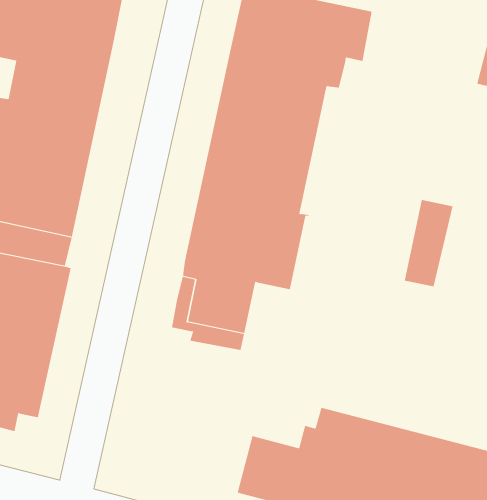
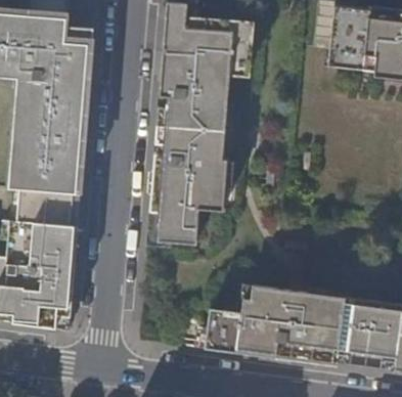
building: [404,199,453,287] -> none

